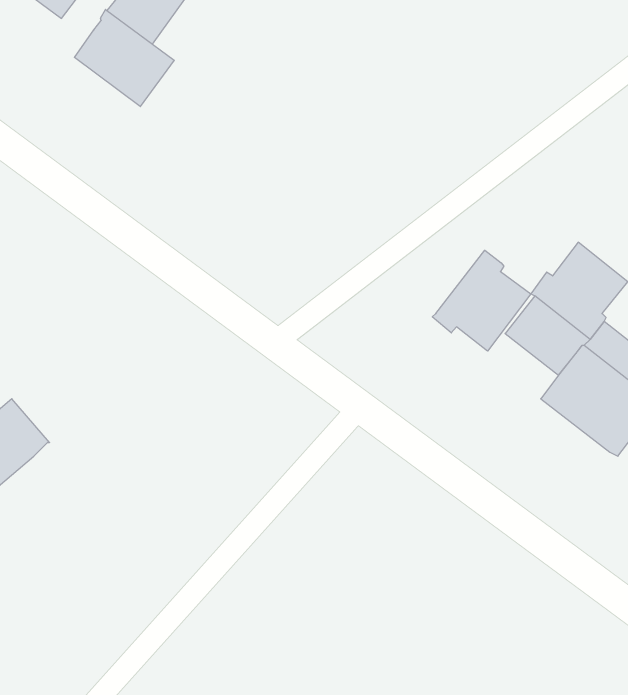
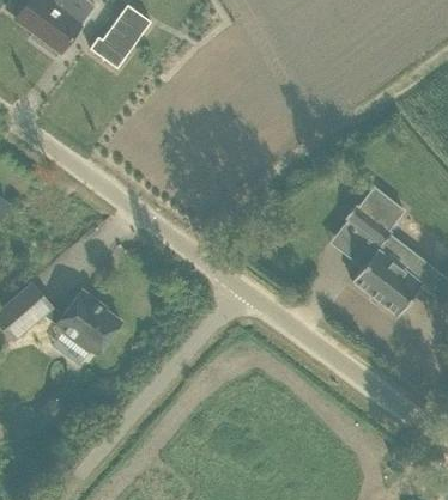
building: [74,9,174,107] -> none
building: [432,250,531,351] -> none
building: none -> [54,291,121,355]

